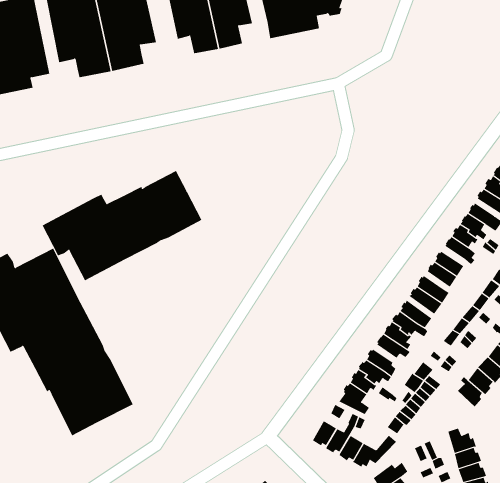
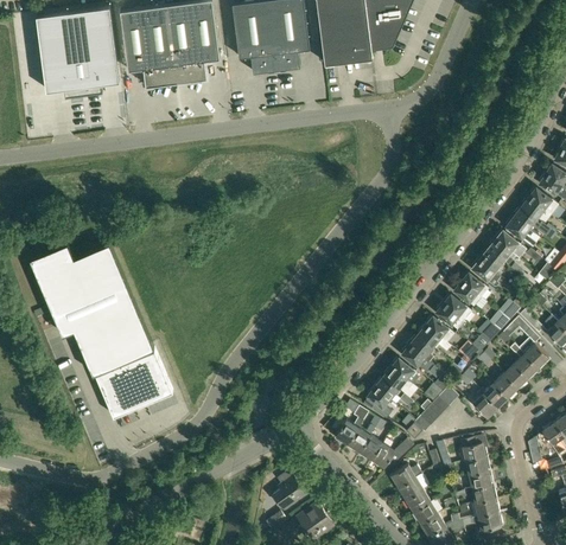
building: [42,170,202,281] -> none

